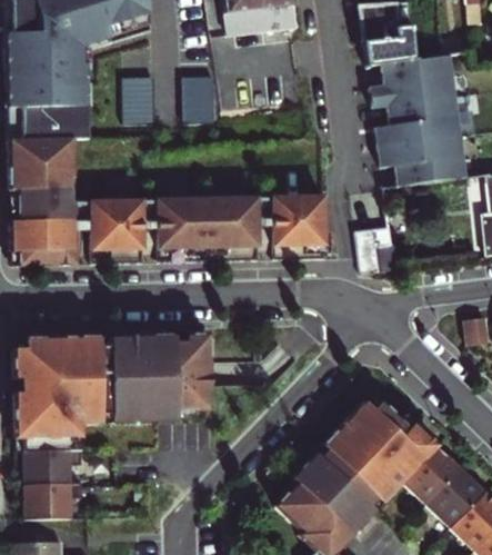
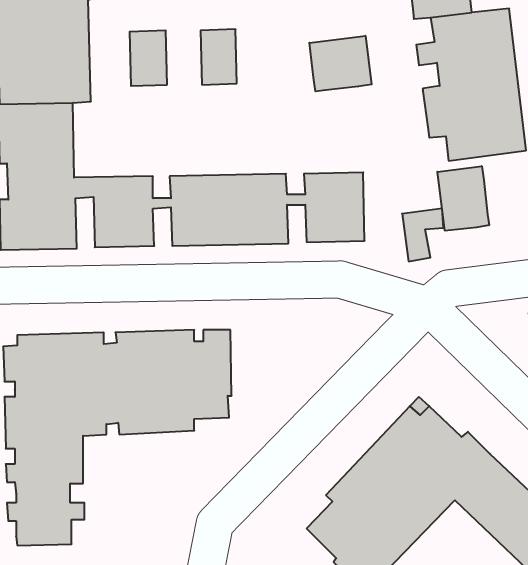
building: none -> [309,36,372,91]
building: none -> [437,166,489,231]

